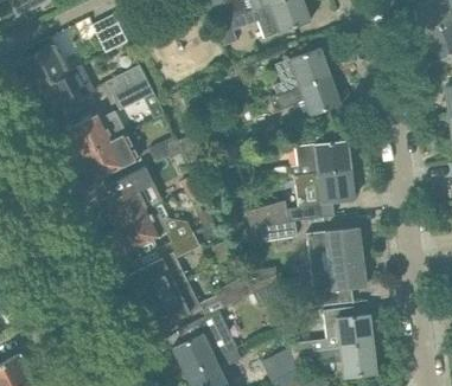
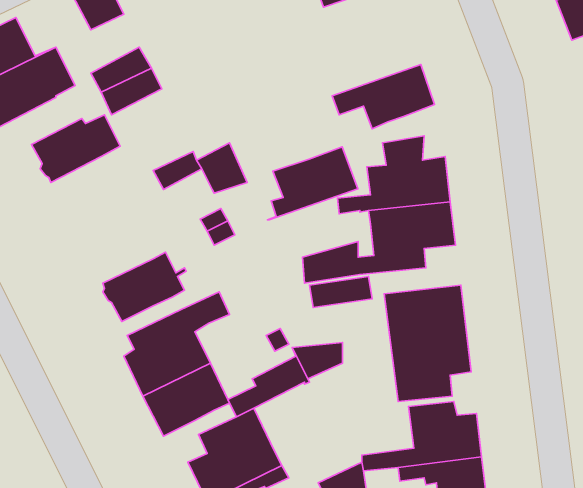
building: [269,47,331,97] -> [268,147,358,220]
building: [78,131,139,182] -> none
building: [101,166,164,225] -> none

